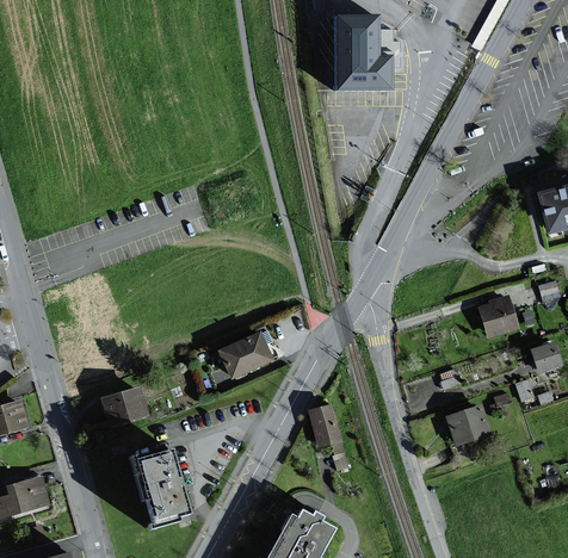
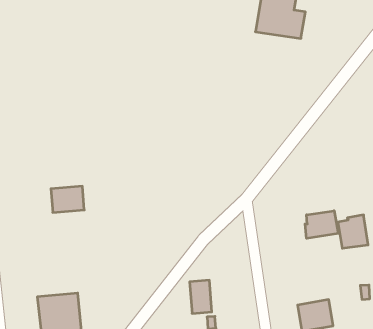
building: none -> [305,211,338,238]
building: [217,331,274,378] -> none
building: [101,388,147,426] -> [51,186,84,212]

